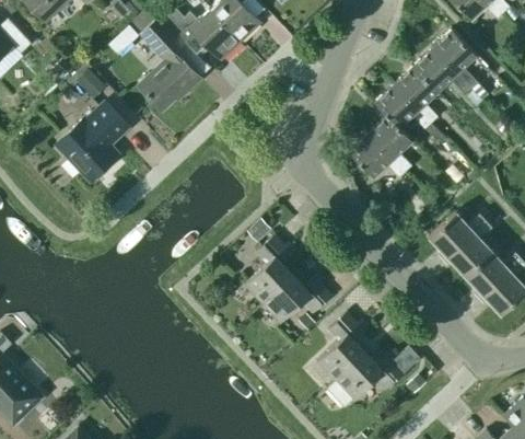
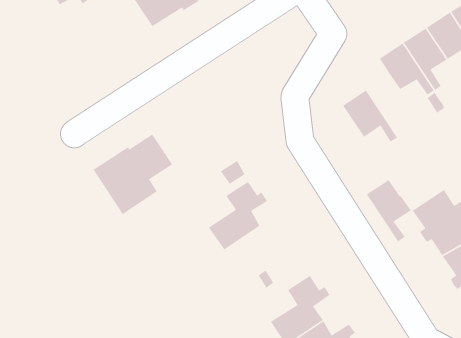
building: [56,103,129,183] -> [93,133,173,215]
building: [369,116,413,173] -> [366,179,412,243]
building: [264,275,331,324] -> none

